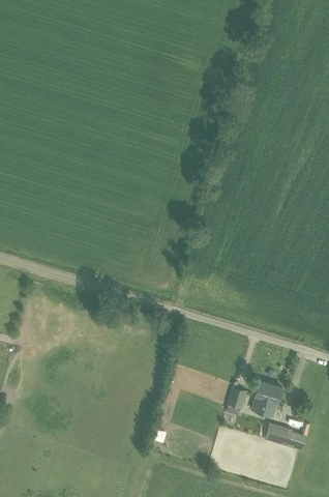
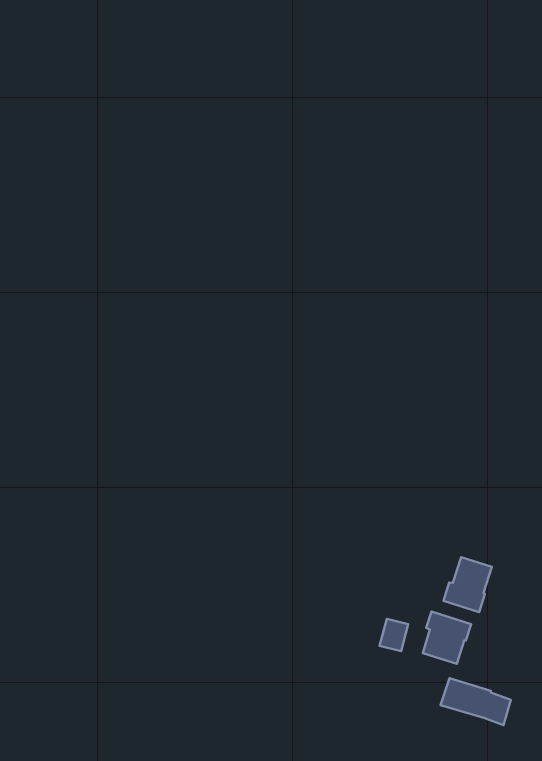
building: none -> [443,557,492,612]

